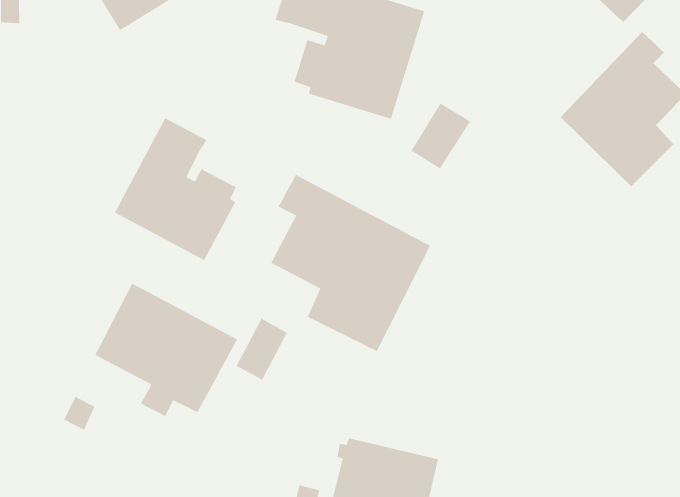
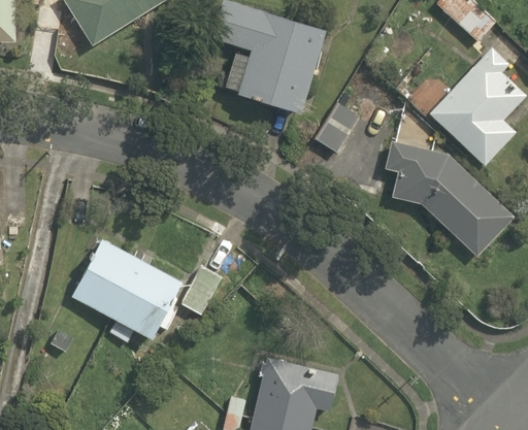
building: [114,117,237,261] -> none
building: none -> [385,140,514,256]
building: [270,174,431,352] -> none

